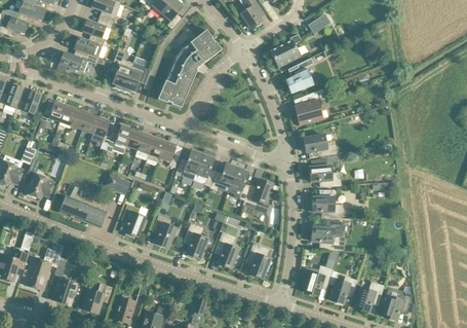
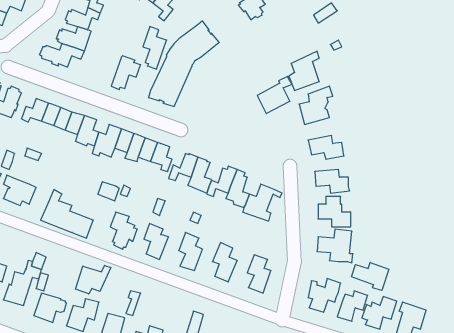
building: [270,34,302,68] -> [257,76,292,114]
building: [111,50,132,89] -> [143,27,167,69]
building: none -> [352,262,389,290]
building: none -> [75,265,111,294]

